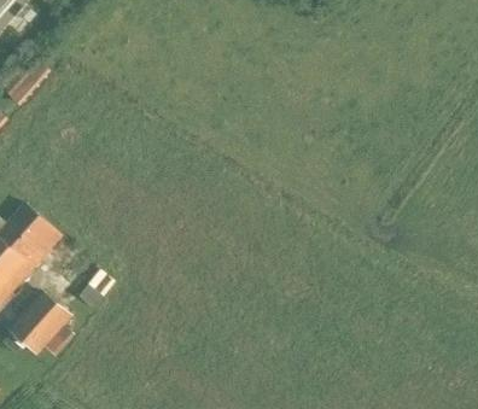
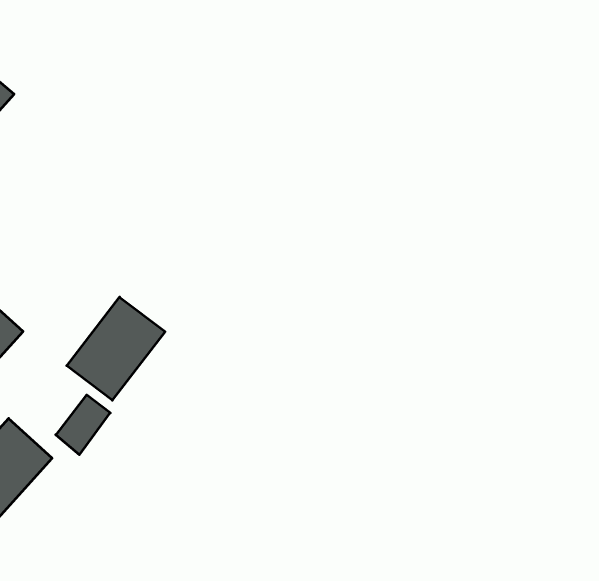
building: none -> [67,297,165,400]

